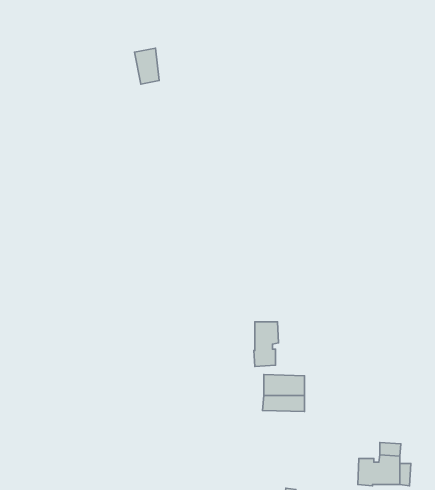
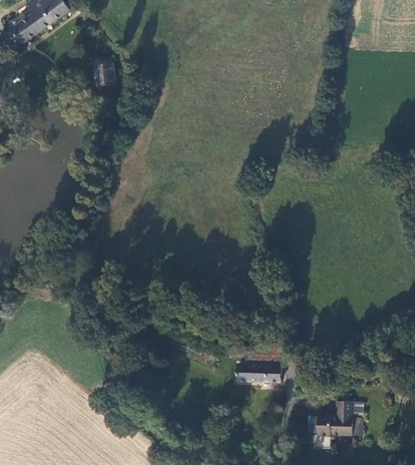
building: [134,48,159,84] -> [91,59,111,88]
building: [254,322,278,366] -> none

